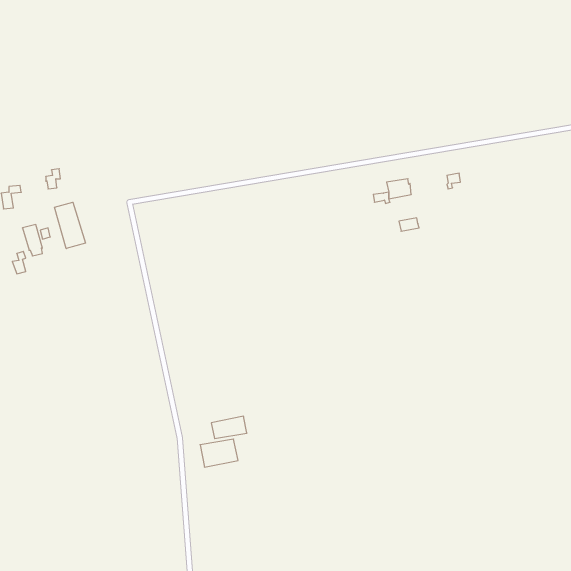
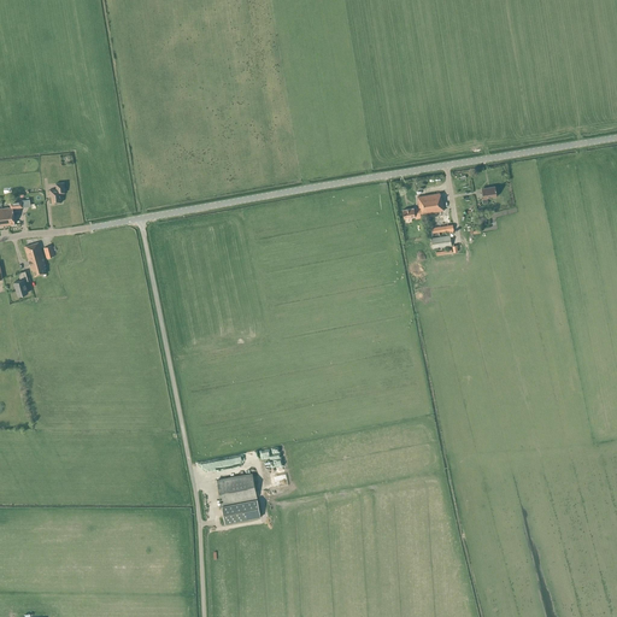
building: [54,202,86,249] -> none
building: [211,416,247,439] -> [222,499,260,523]

